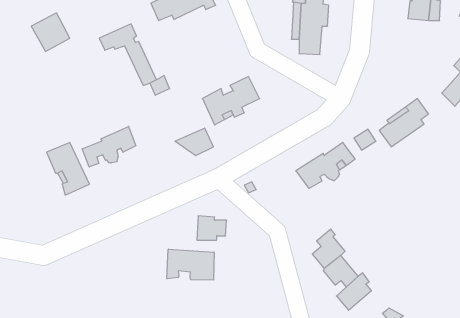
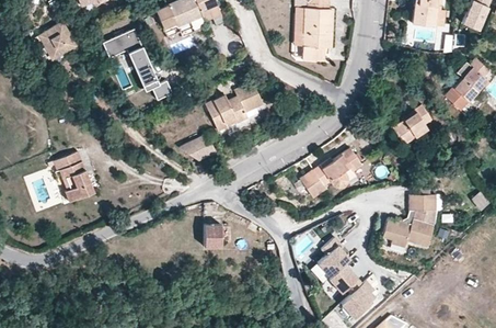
building: [82,126,136,167] -> none
building: none -> [382,194,436,245]
building: [167,249,214,280] -> none

